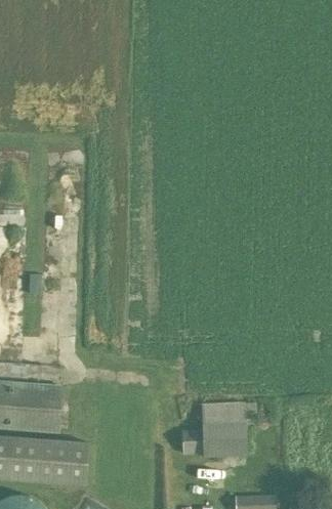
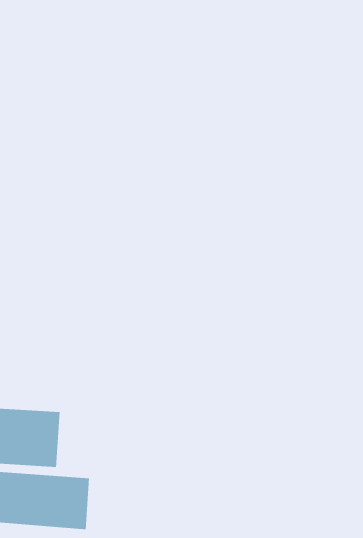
building: [181,402,247,458] -> none

